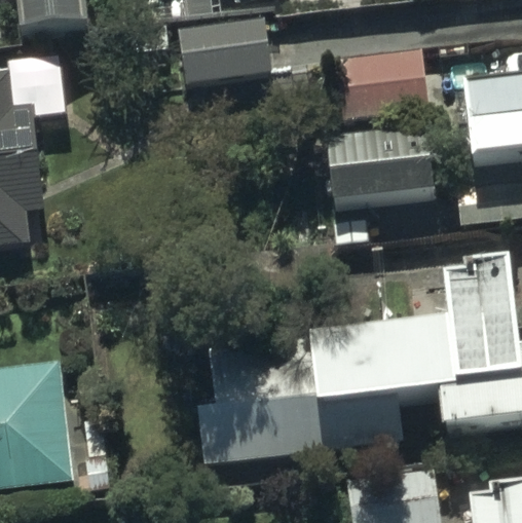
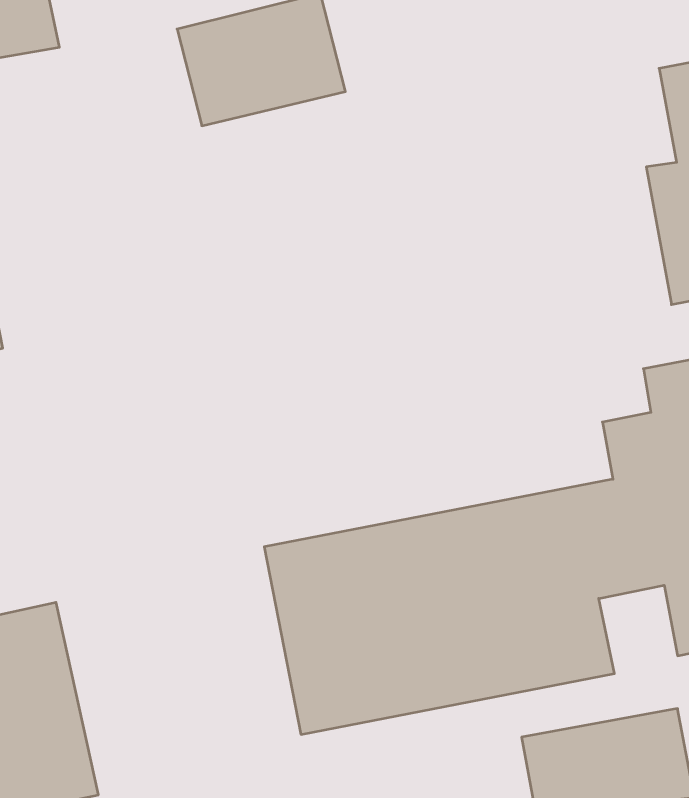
building: [333,46,432,125] -> none
building: [325,123,437,209] -> none

